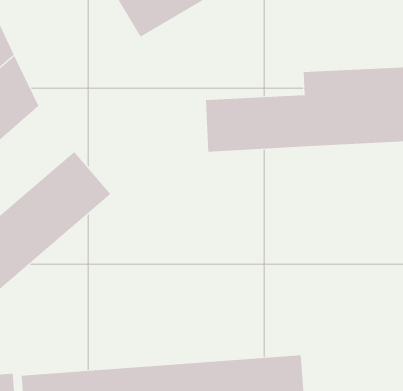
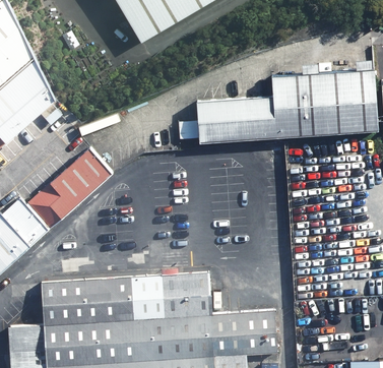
building: none -> [39,264,213,322]

